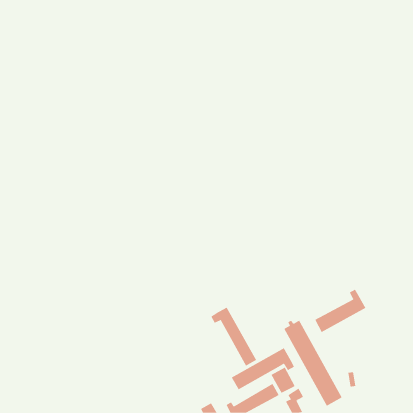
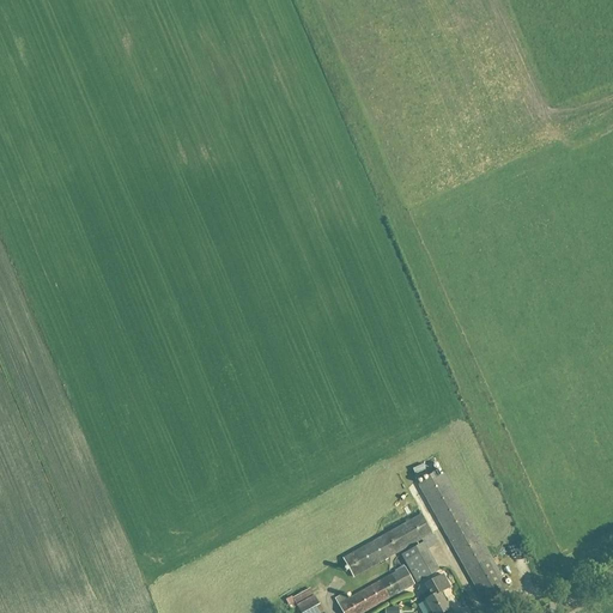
building: [314,289,366,333] -> none
building: [210,307,257,366] -> none

